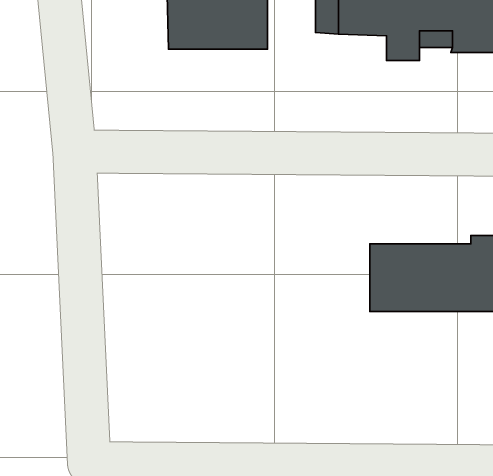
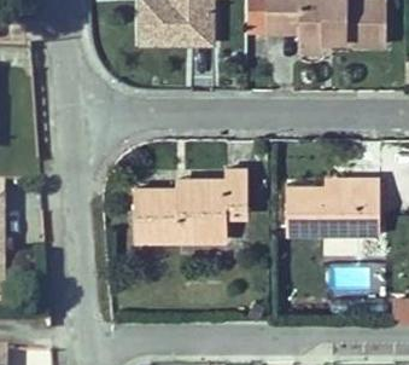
building: none -> [135,169,249,238]

